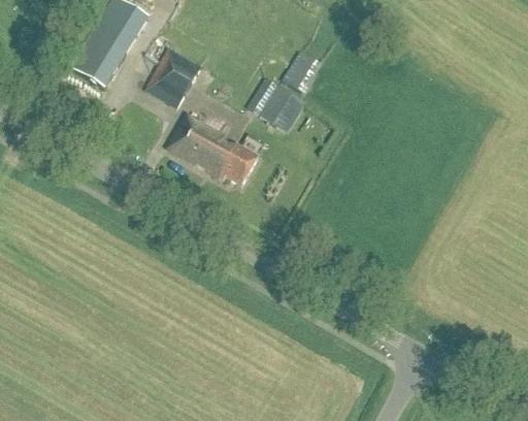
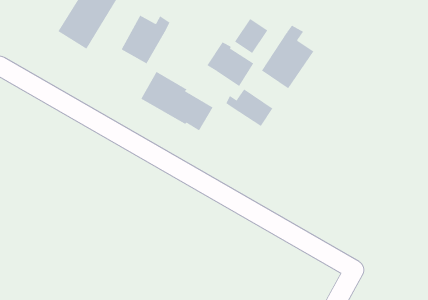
building: none -> [261,25,314,89]
building: none -> [225,88,273,127]

